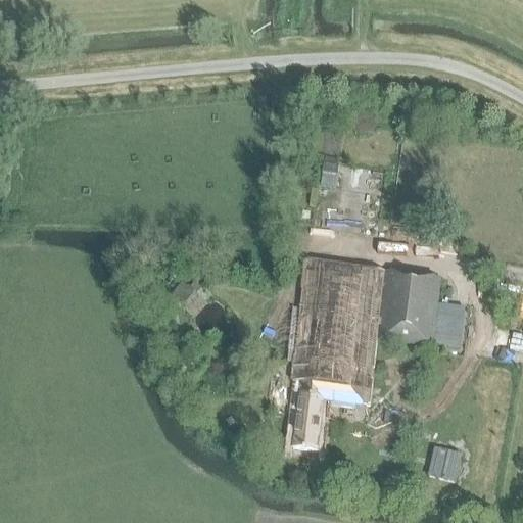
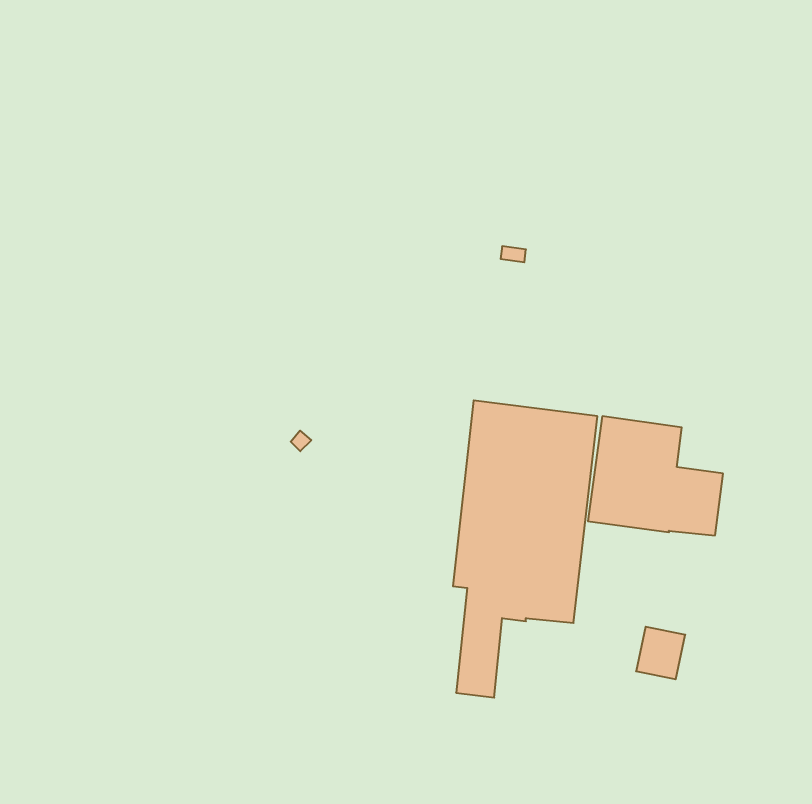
building: [428,445,460,479] -> [636,627,685,679]

